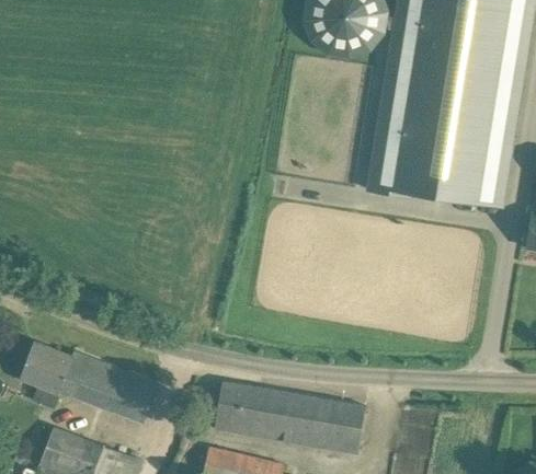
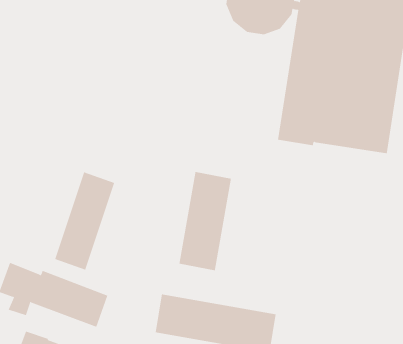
building: none -> [179,171,231,271]
building: none -> [55,172,115,270]

